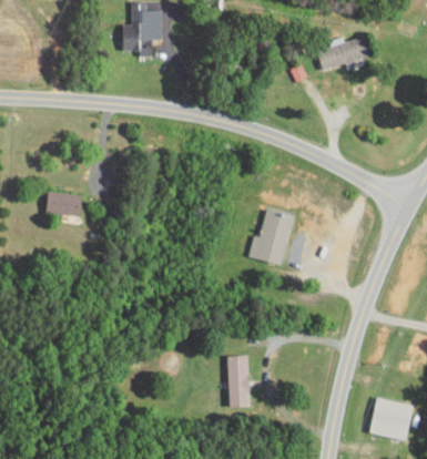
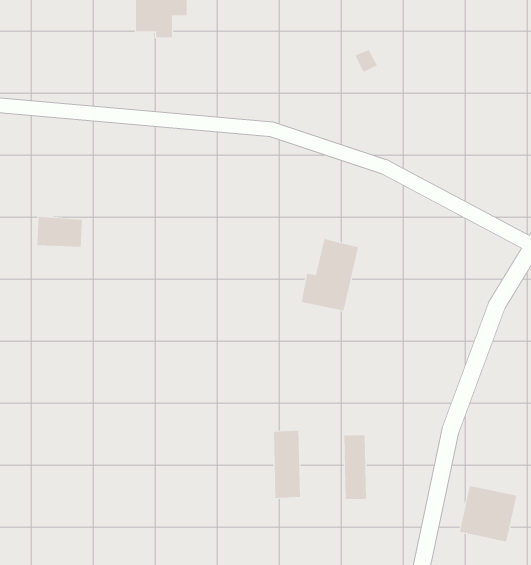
building: [317,37,369,71] -> none
building: none -> [344,434,367,500]

